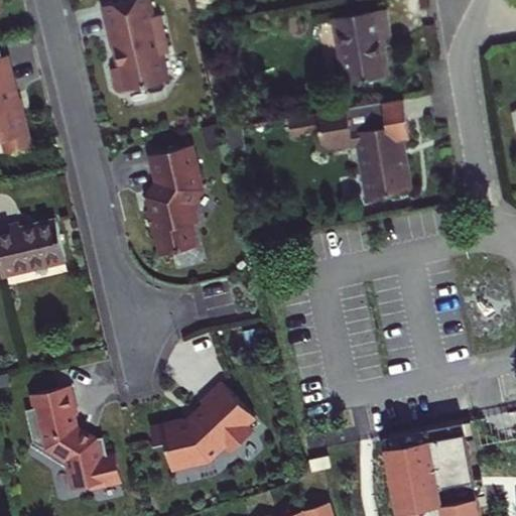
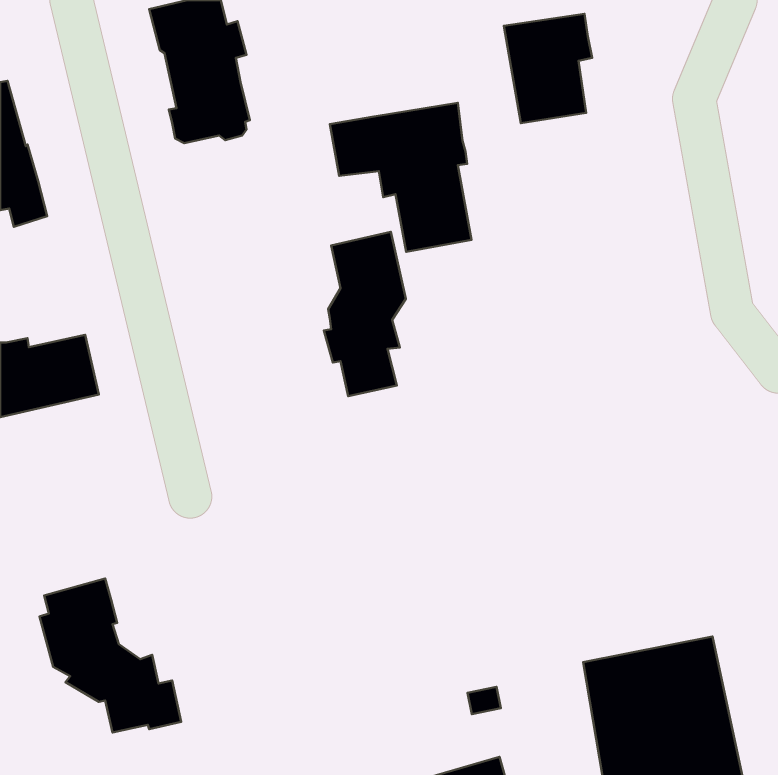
building: [317,101,411,200] -> [330,103,472,252]
building: [144,152,199,261] -> [324,232,406,396]
building: [149,382,253,470] -> none

